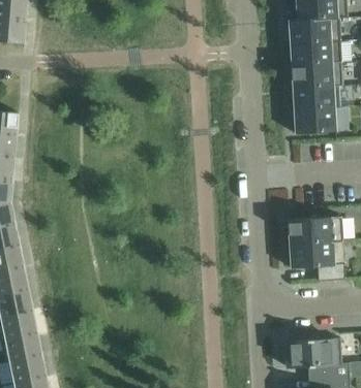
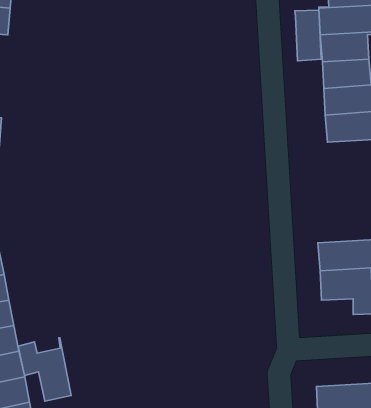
building: none -> [295,10,321,61]
building: none -> [18,338,71,401]

